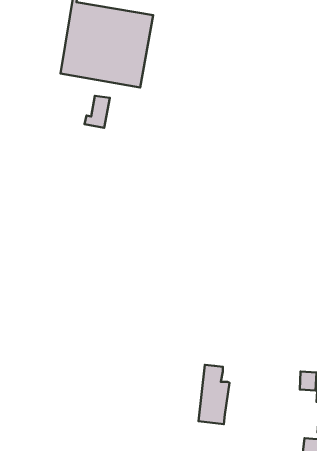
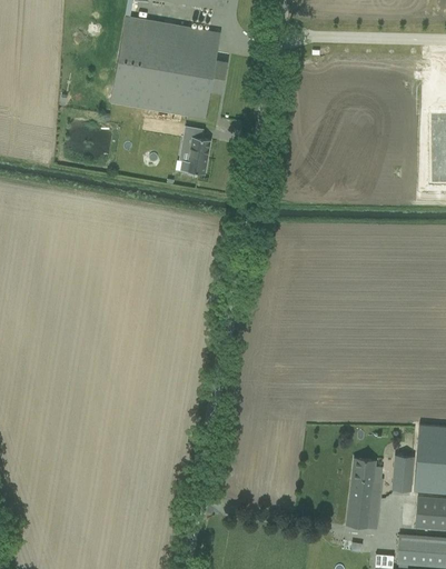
building: [85,96,110,128] -> [181,138,211,176]
building: [198,365,229,424] -> [347,459,384,529]

